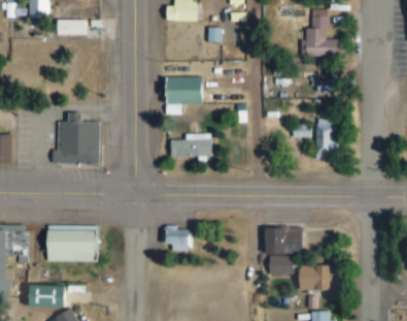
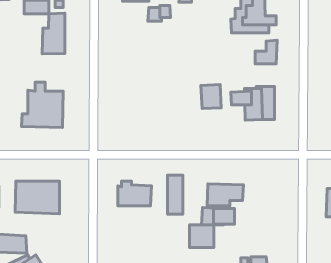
building: none -> [42,13,65,54]
building: [165,76,203,104] -> none
building: none -> [201,85,221,109]
building: [172,131,210,160] -> none
building: none -> [168,175,183,214]
building: [300,264,328,290] -> [189,225,214,248]

